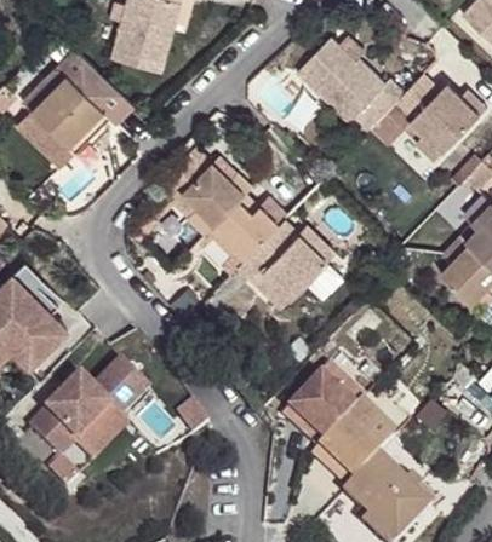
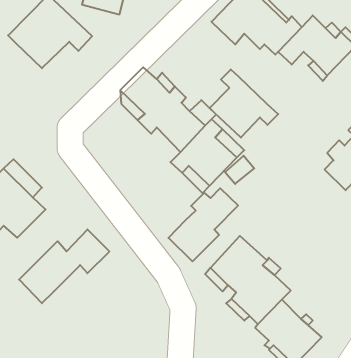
building: [13,109,103,163] -> none
building: none -> [209,69,278,138]
building: none -> [168,188,238,261]
building: [78,405,130,459] -> none

